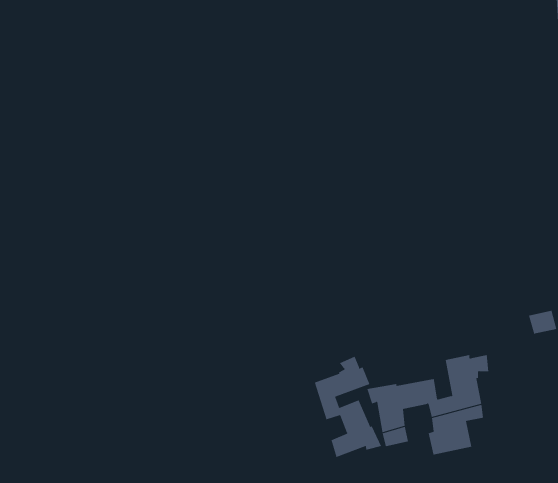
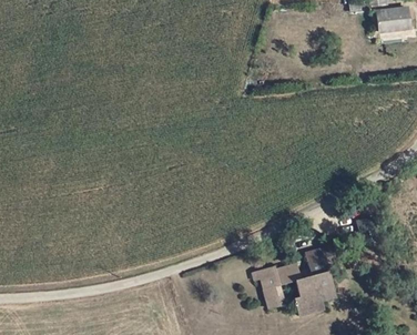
building: [314,356,382,458] -> none

